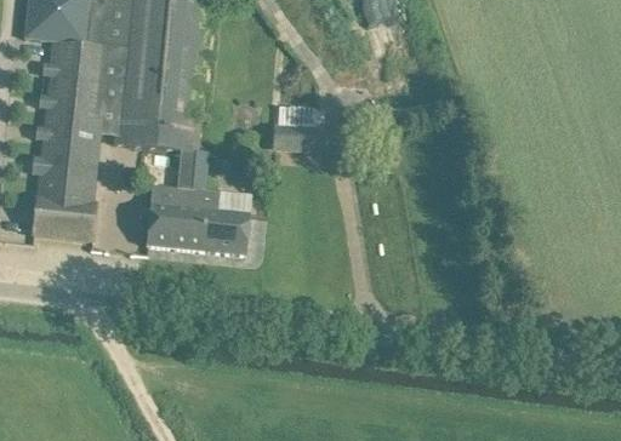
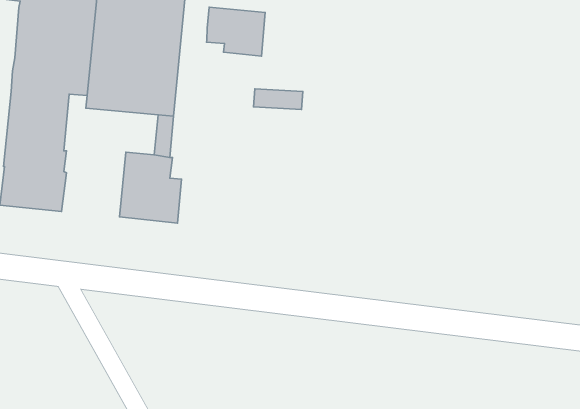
building: none -> [206,7,265,56]
building: [192,189,250,254] -> none

